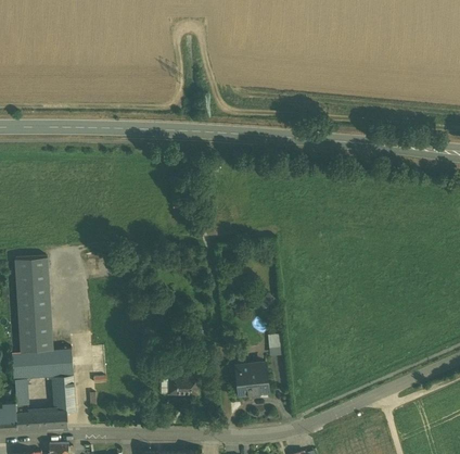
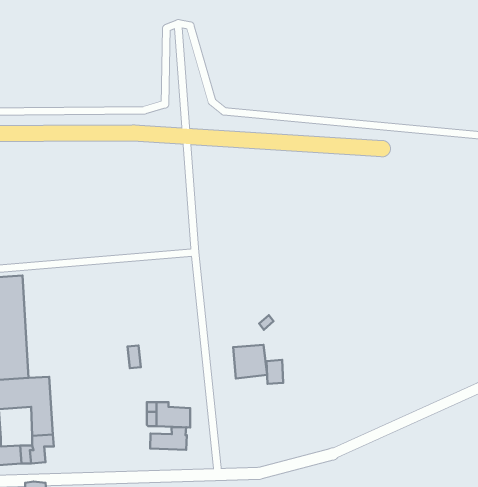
building: [238,366,268,396] -> [233,345,267,379]
building: none -> [150,427,187,450]

